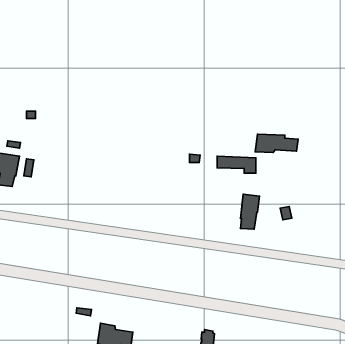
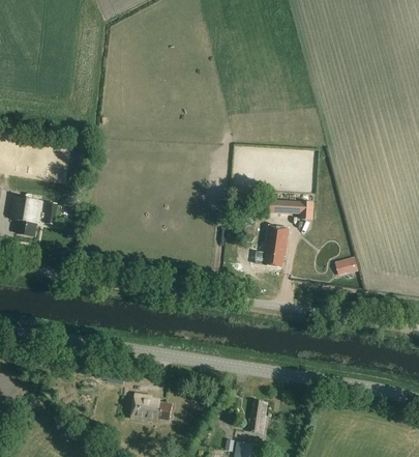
building: [255,134,298,153] -> none
building: [241,194,259,229] -> [265,225,287,265]

